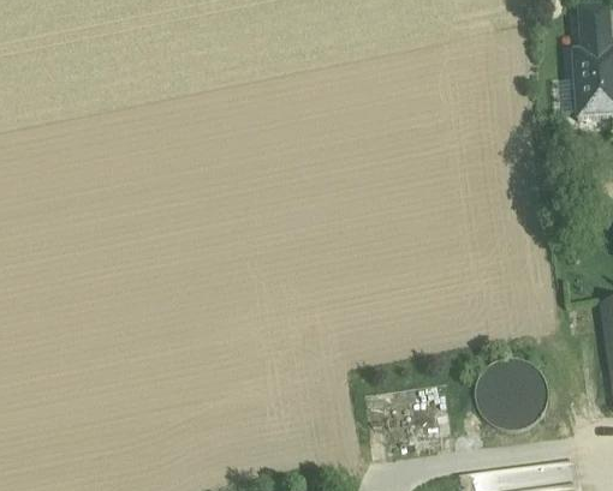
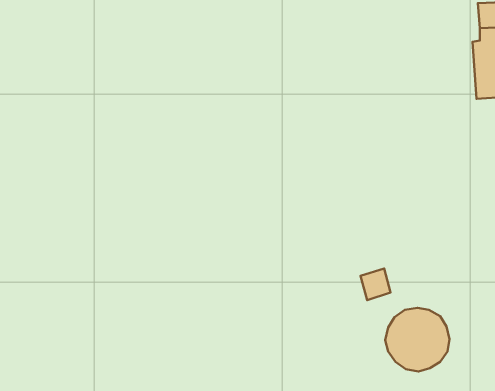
building: none -> [361,268,391,300]

